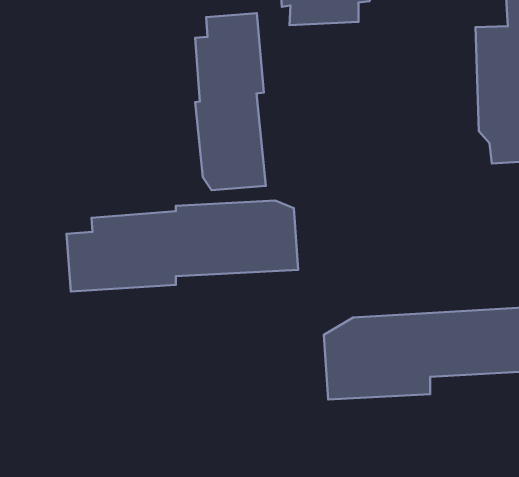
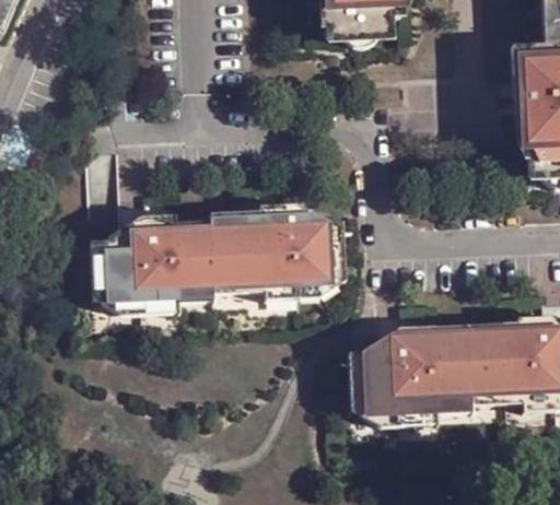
building: [195,13,266,190] -> none

